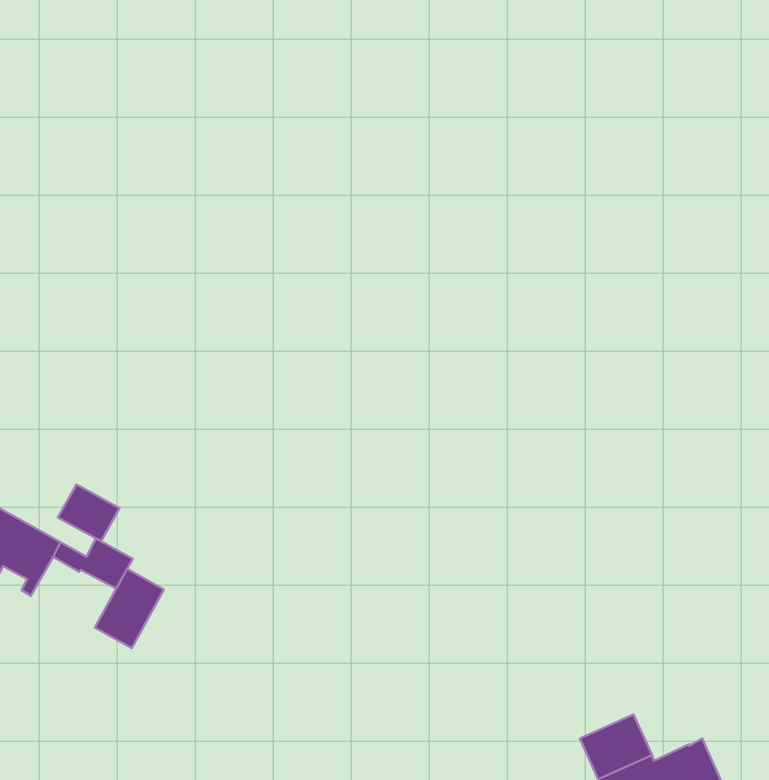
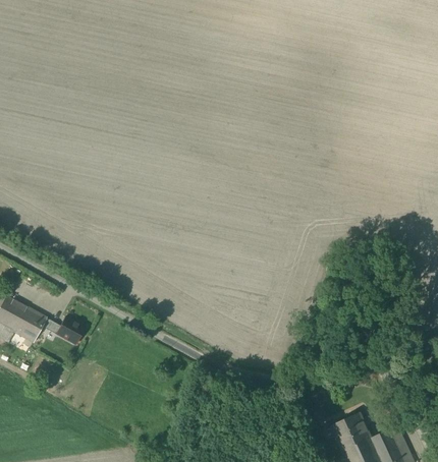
building: [58,484,120,541] -> none
building: [95,569,164,648] -> none

